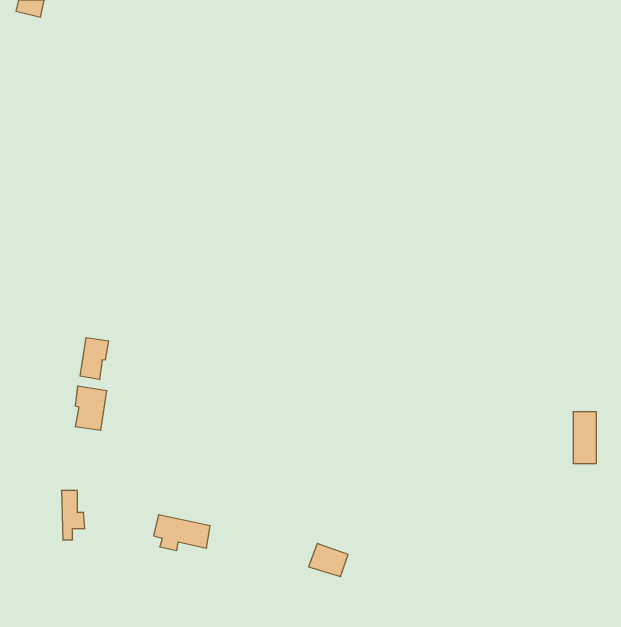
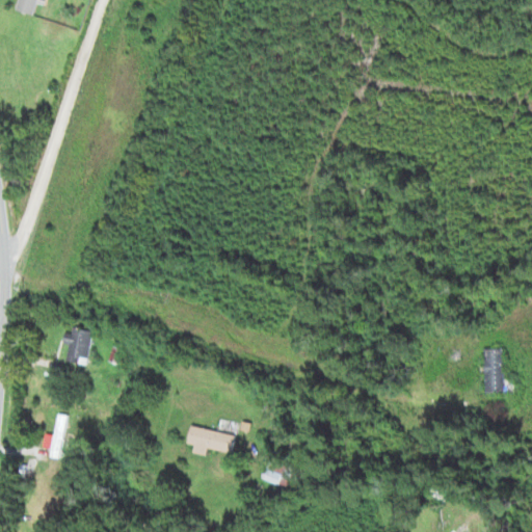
building: [80,338,108,380] -> none
building: [154,515,210,550] -> [186,426,234,456]

